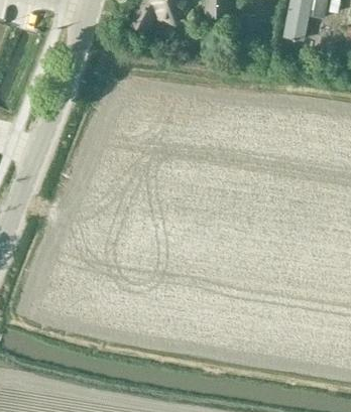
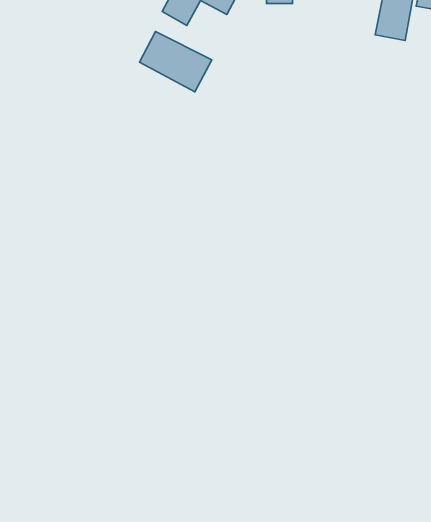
building: none -> [139,31,212,92]

